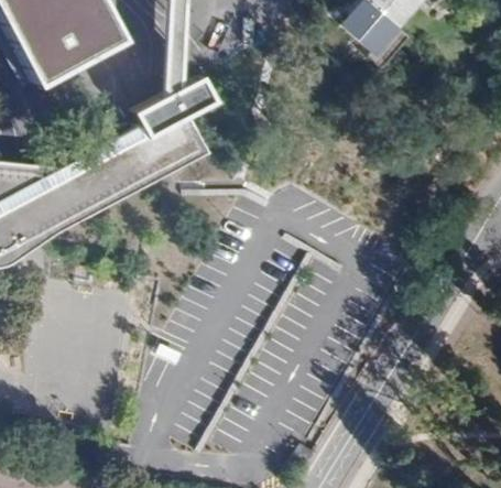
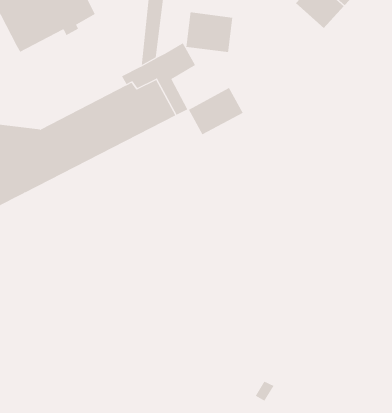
building: none -> [186,12,233,53]
building: none -> [188,87,244,135]

